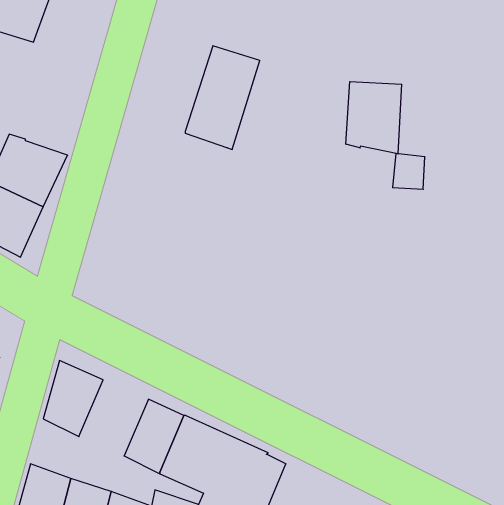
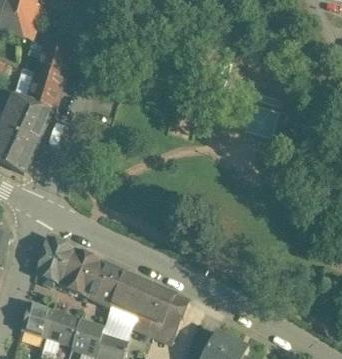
building: [185,46,260,149] -> [25,45,71,109]
building: [346,82,402,154] -> none
building: none -> [58,248,101,295]

